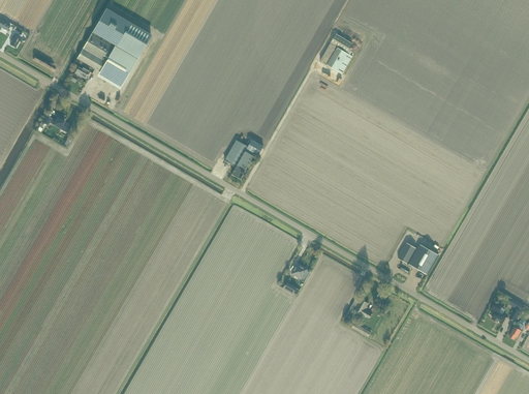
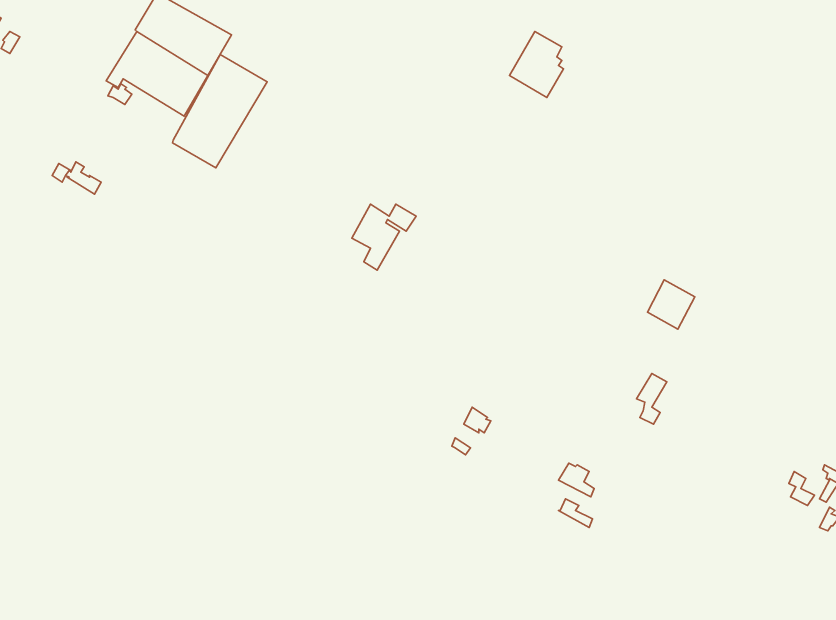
building: none -> [173,55,267,168]
building: [409,244,438,274] -> [647,280,695,329]

